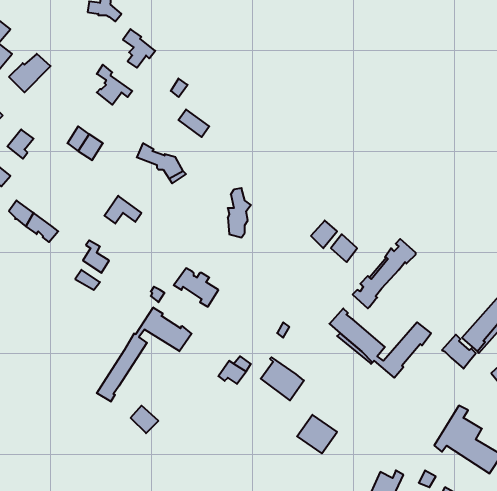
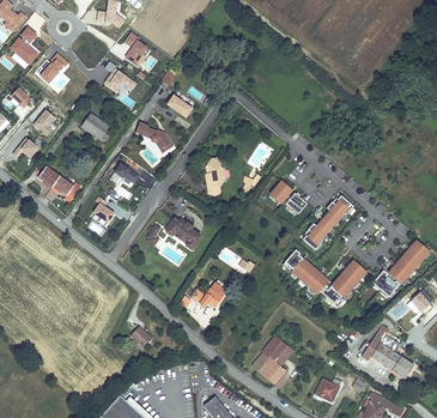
building: [97,307,192,402] -> none
building: [261,357,304,400] -> [251,350,285,383]

